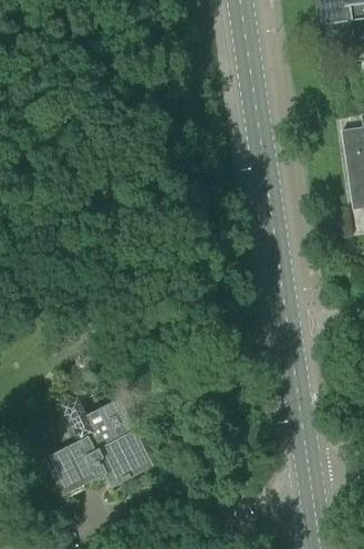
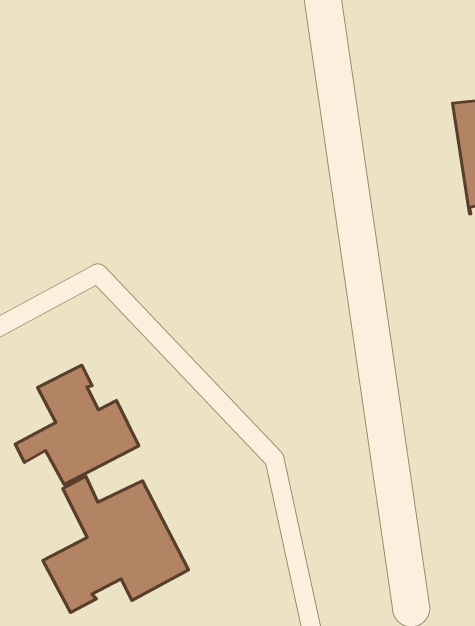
building: none -> [15,365,139,484]

